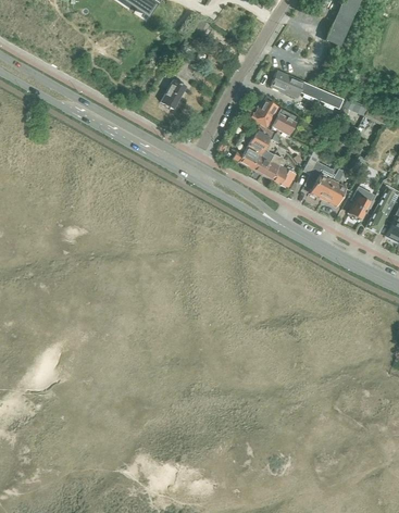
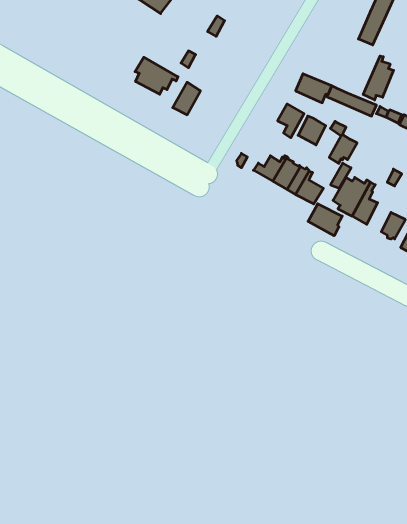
building: none -> [363,56,394,100]
building: none -> [135,57,178,94]
building: [248,112,273,150] -> [329,121,357,163]
building: none -> [308,204,342,236]

